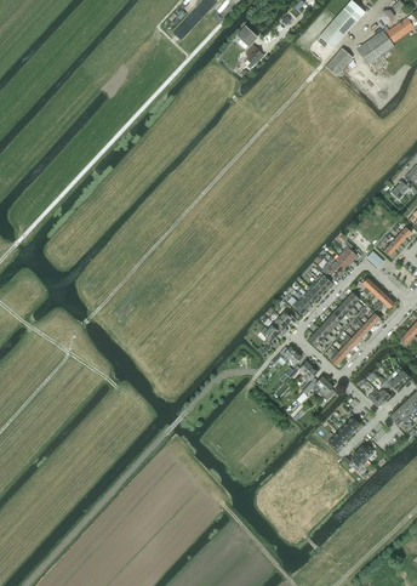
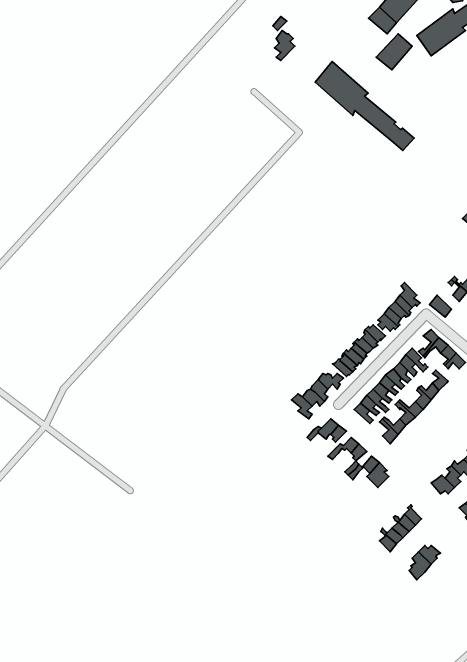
building: none -> [315,62,414,151]

